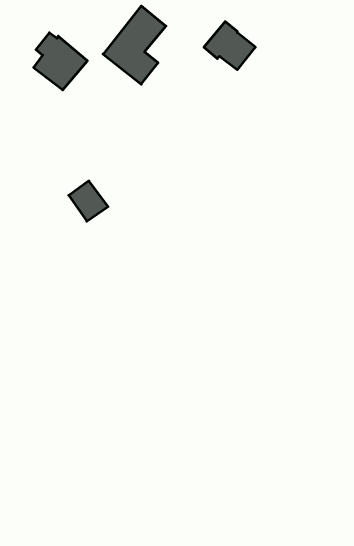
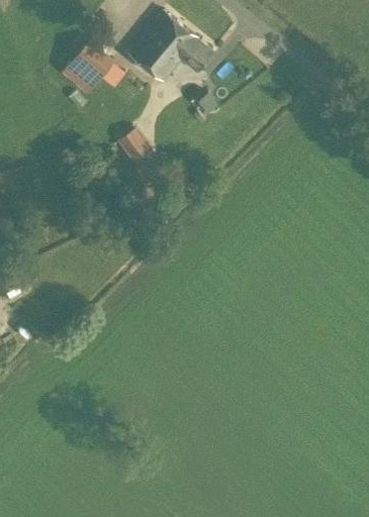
building: [204,22,255,70] -> [168,30,214,74]
building: [69,181,108,221] -> [119,129,155,166]

